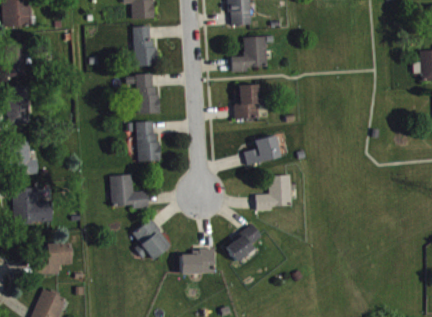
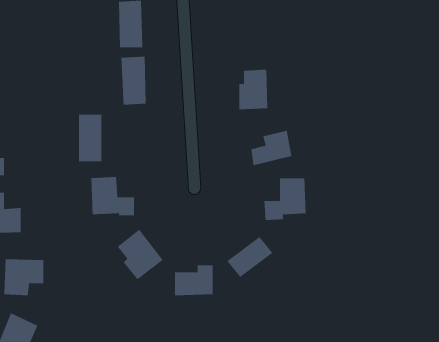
building: [231,36,267,72] -> none
building: [137,121,157,161] -> [78,114,102,162]

